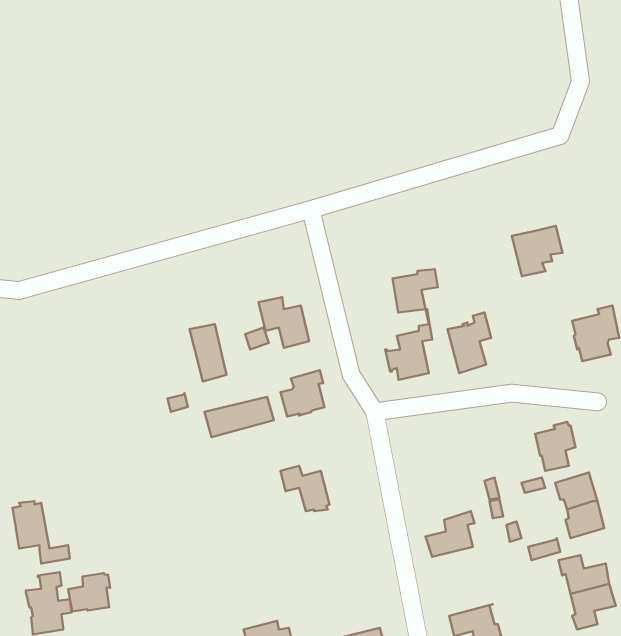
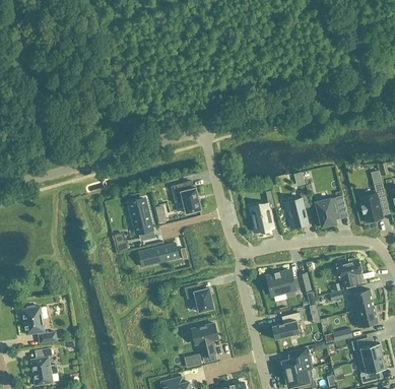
building: [512,226,562,276] -> [316,196,346,226]
building: [393,269,438,313] -> none
building: [281,370,324,417] -> none
building: none -> [267,271,310,296]
building: none -> [191,324,218,356]
building: none -> [280,348,312,375]
building: [68,573,110,612] -> none

